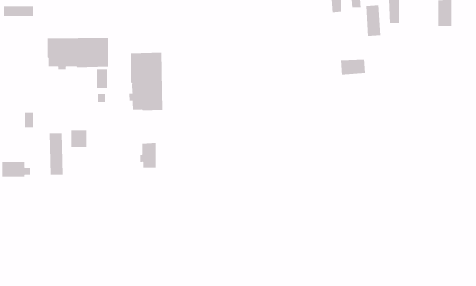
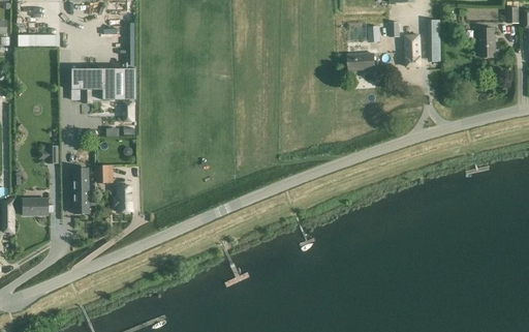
building: [129,52,163,111] -> none
building: [340,59,366,75] -> [346,53,373,69]
building: [140,143,156,168] -> [113,184,130,211]

